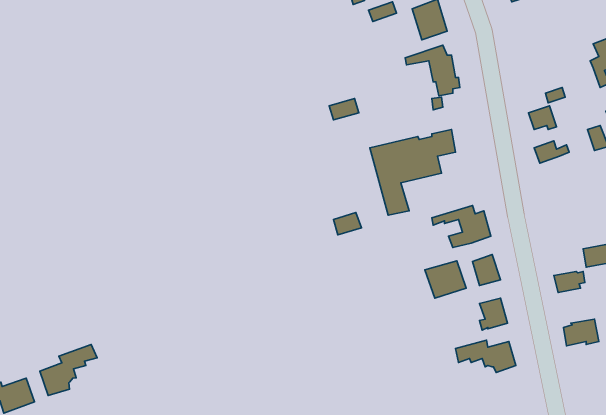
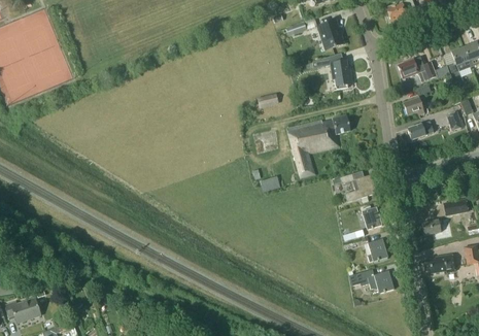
building: none -> [397,56,436,80]
building: [425,261,466,298] -> none
building: [40,344,97,395] -> none

